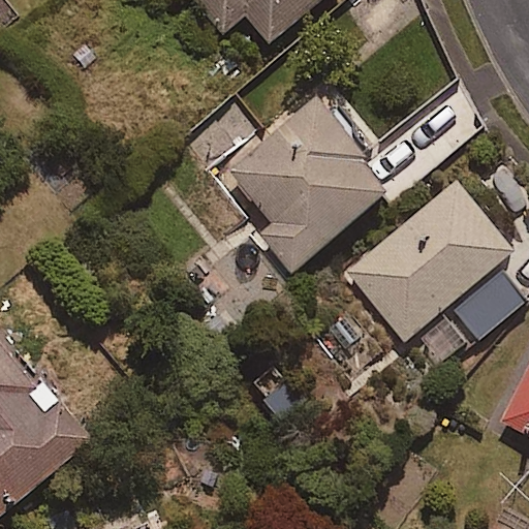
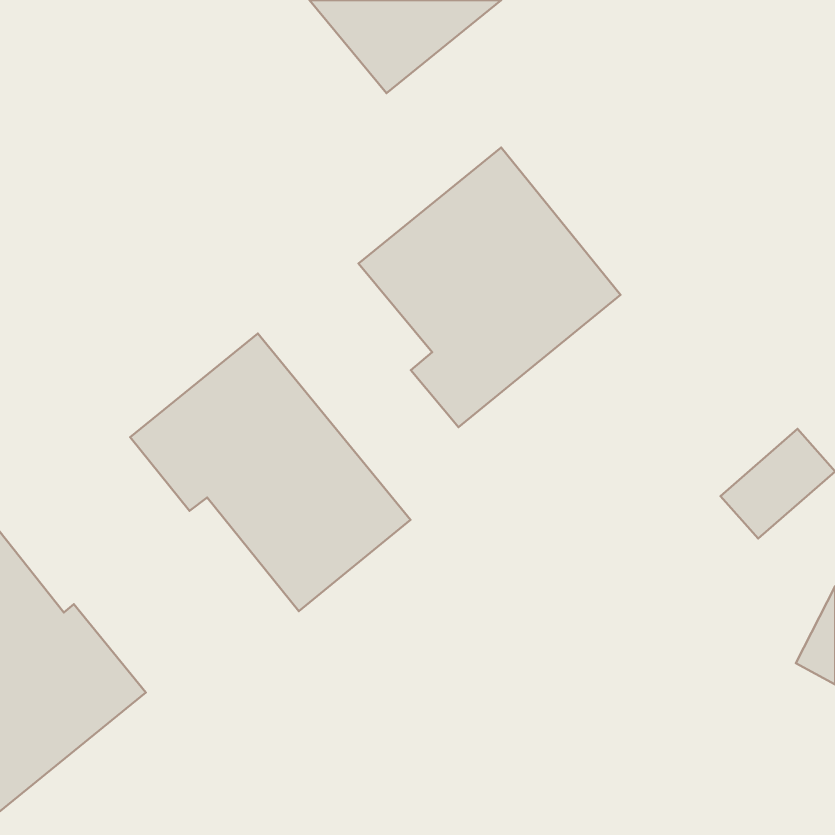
building: [350,179,515,341] -> none
building: none -> [130,333,411,611]

